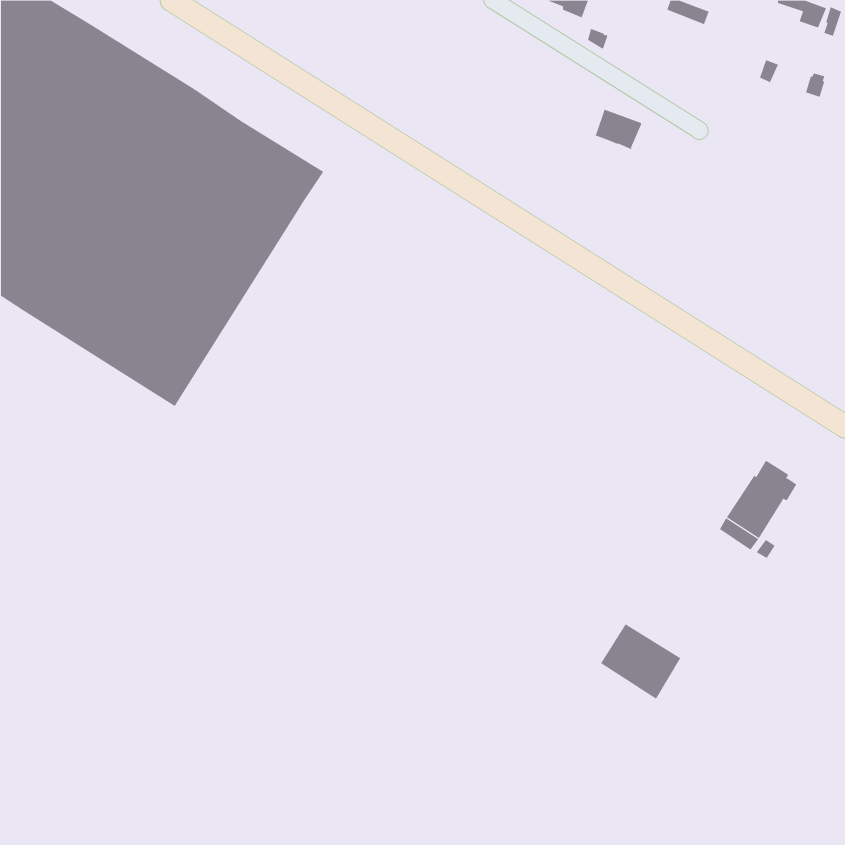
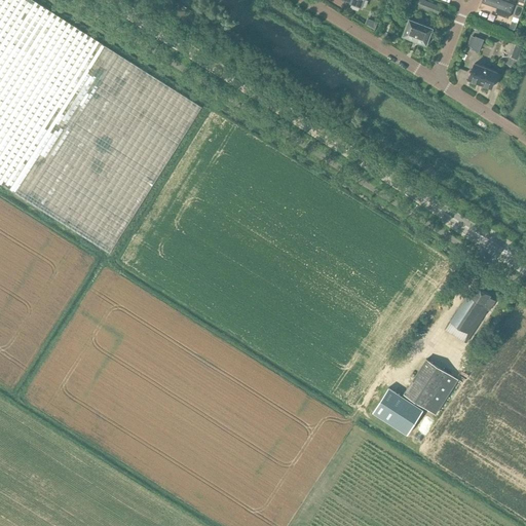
building: none -> [468,64,497,88]
building: [594,108,642,149] -> [403,18,433,44]
building: none -> [404,359,458,415]

